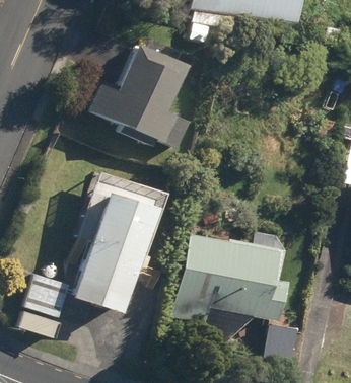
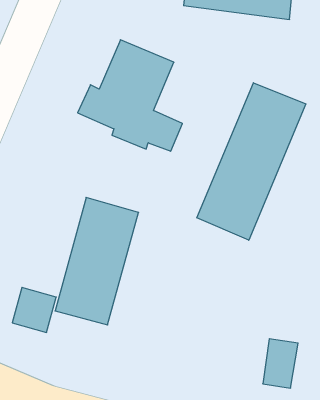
building: none -> [197,83,306,240]
building: [172,232,286,342] -> none

